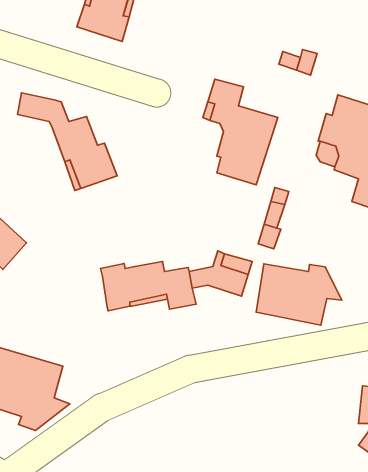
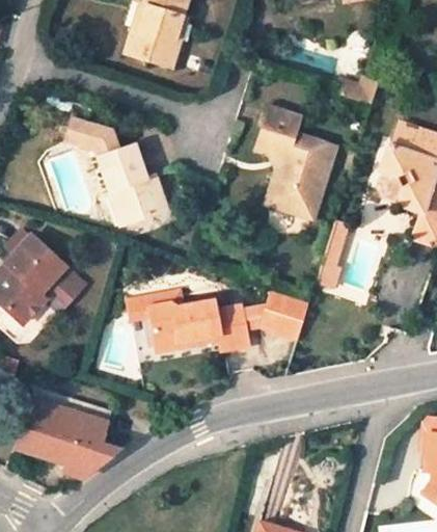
building: none -> [130,289,187,320]
building: [256,264,342,325] -> none

